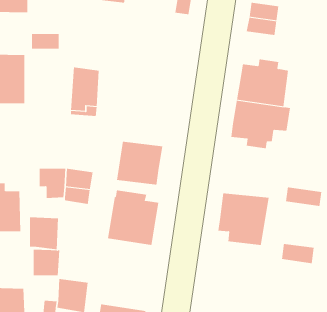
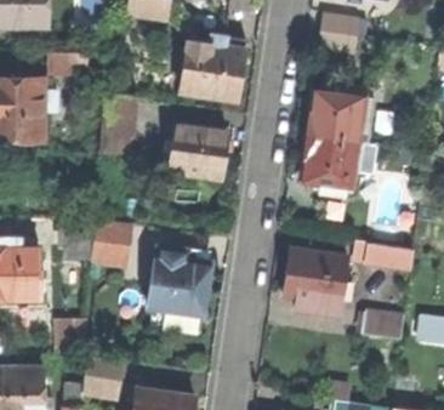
building: none -> [180,35,245,101]
building: [116,141,163,185] -> [169,124,227,178]
building: [30,217,58,250] -> none

